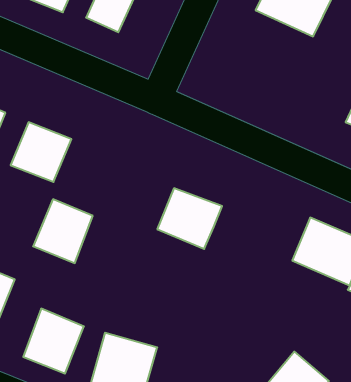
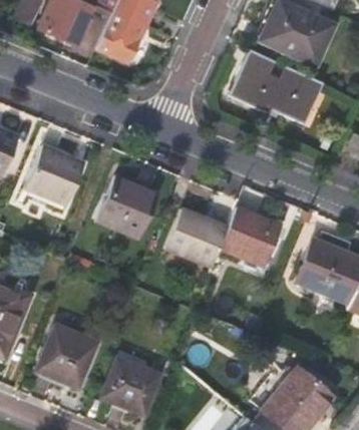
building: none -> [230,50,322,122]
building: none -> [220,206,280,266]
building: [33,199,93,263] -> [98,177,155,239]

